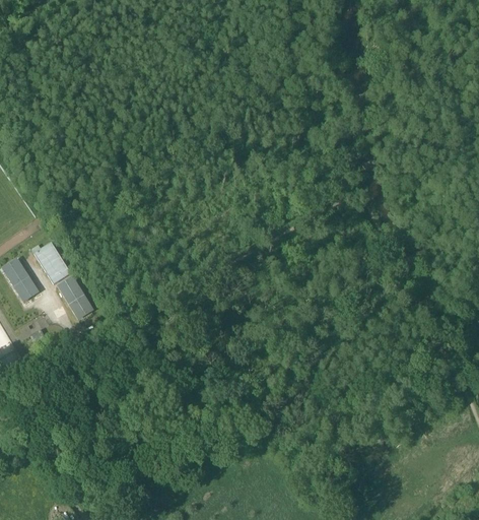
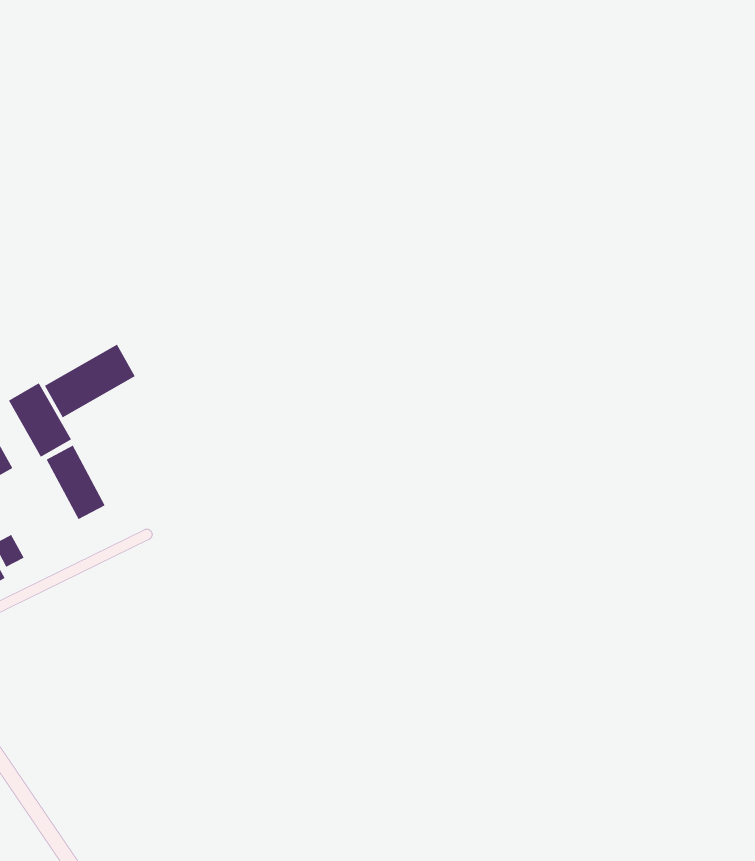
building: none -> [44,344,136,418]

